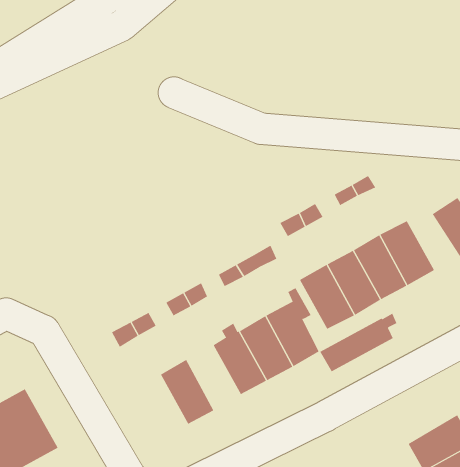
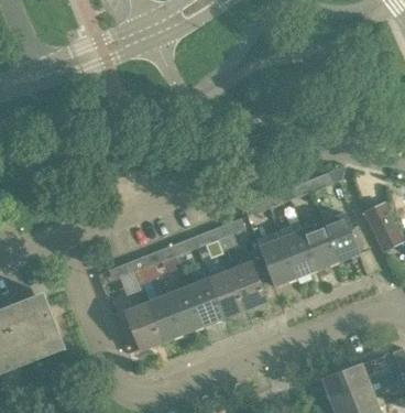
building: [319,313,397,372] -> none
building: none -> [166,279,202,335]
building: none -> [123,303,161,351]

